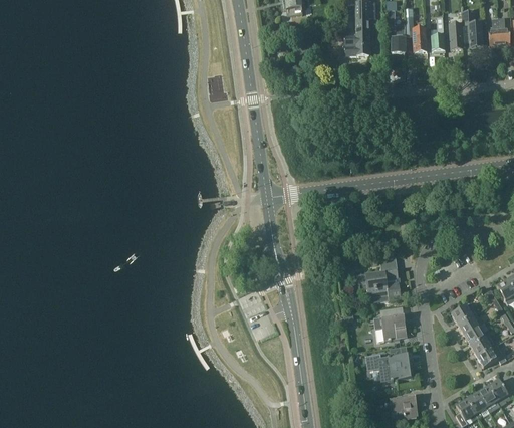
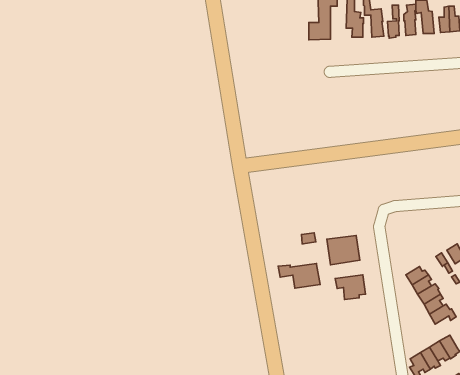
building: [366,353,413,380] -> [278,263,320,288]
building: [389,394,418,418] -> none

